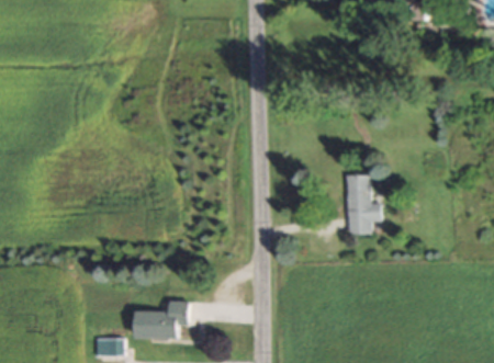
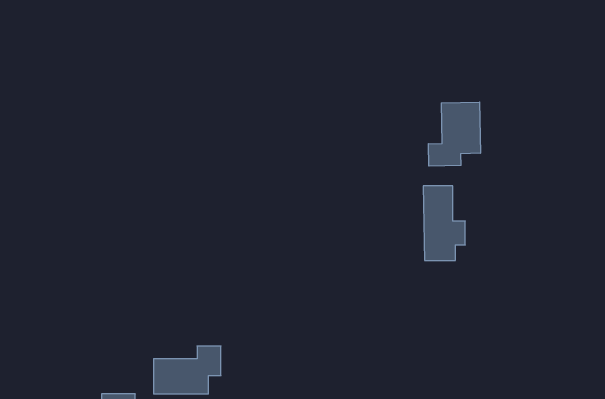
building: none -> [428,102,480,166]

